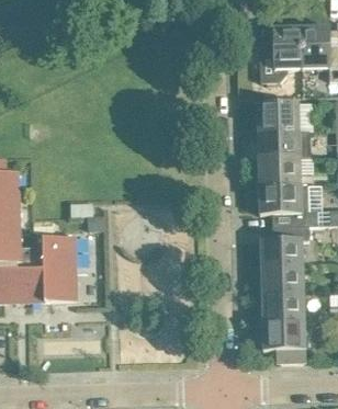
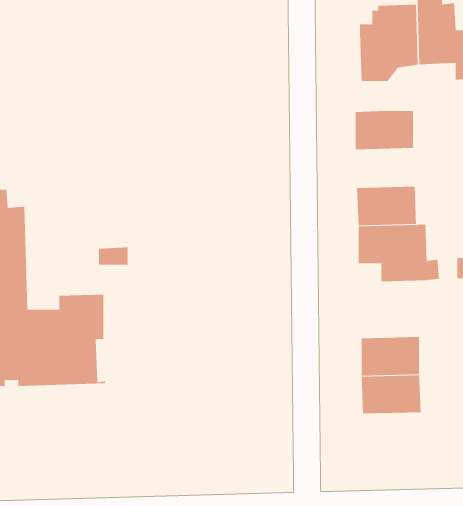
building: [257,128,311,157] -> none
building: [260,224,309,265] -> none
building: [262,319,306,361] -> none

